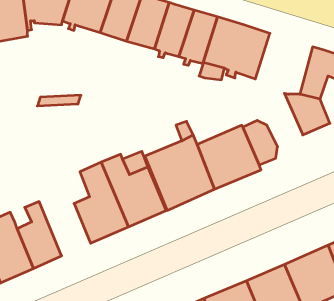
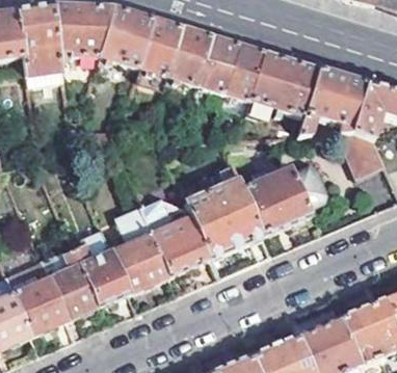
building: none -> [299,68,367,134]
building: none -> [74,243,129,307]

